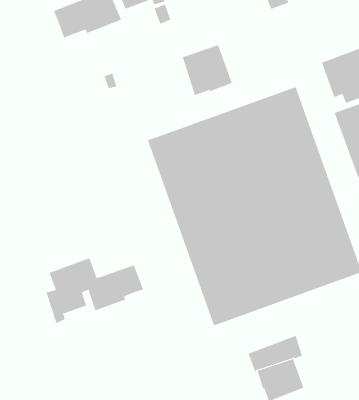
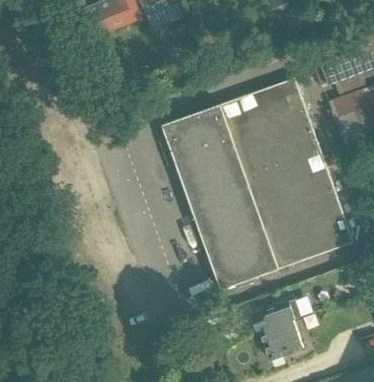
building: [182,44,233,96] -> none
building: [46,258,144,324] -> none

